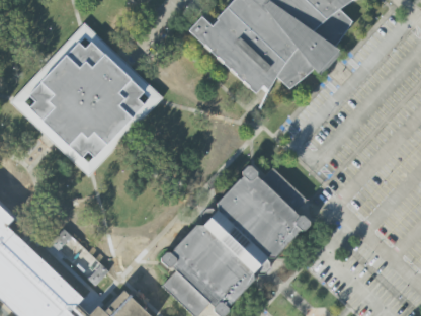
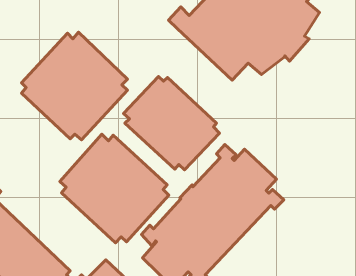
building: none -> [124,77,220,170]
building: none -> [60,134,169,243]

